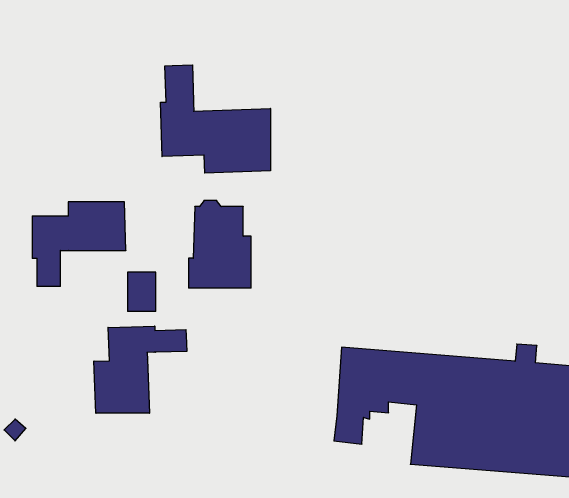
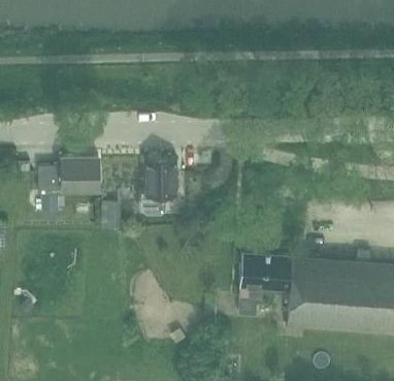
building: [161,65,270,173] -> none
building: [94,326,187,413] -> none

